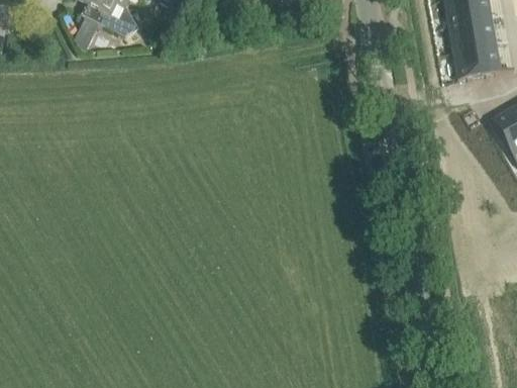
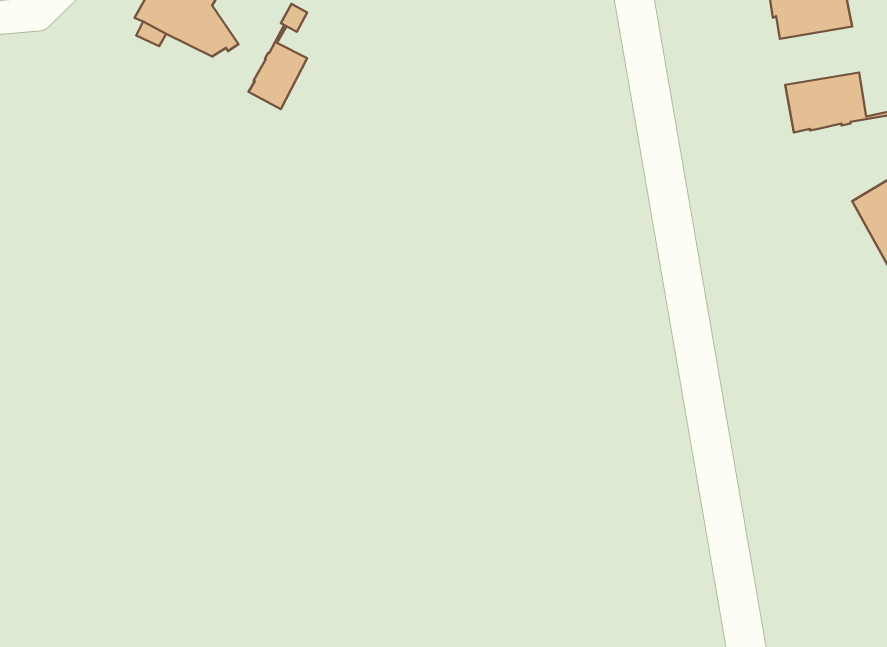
building: none -> [249,25,307,109]
building: [450,18,496,52] -> none

